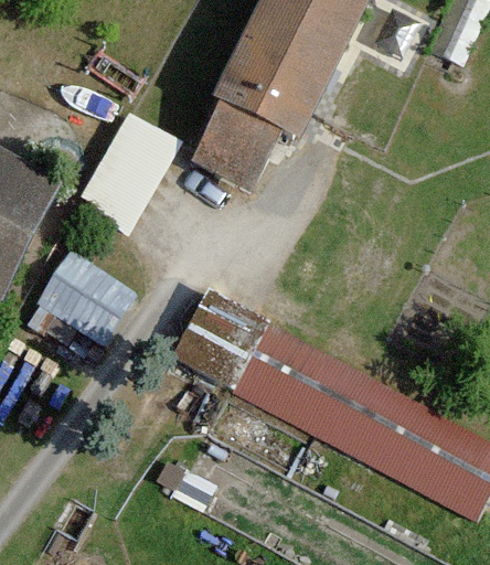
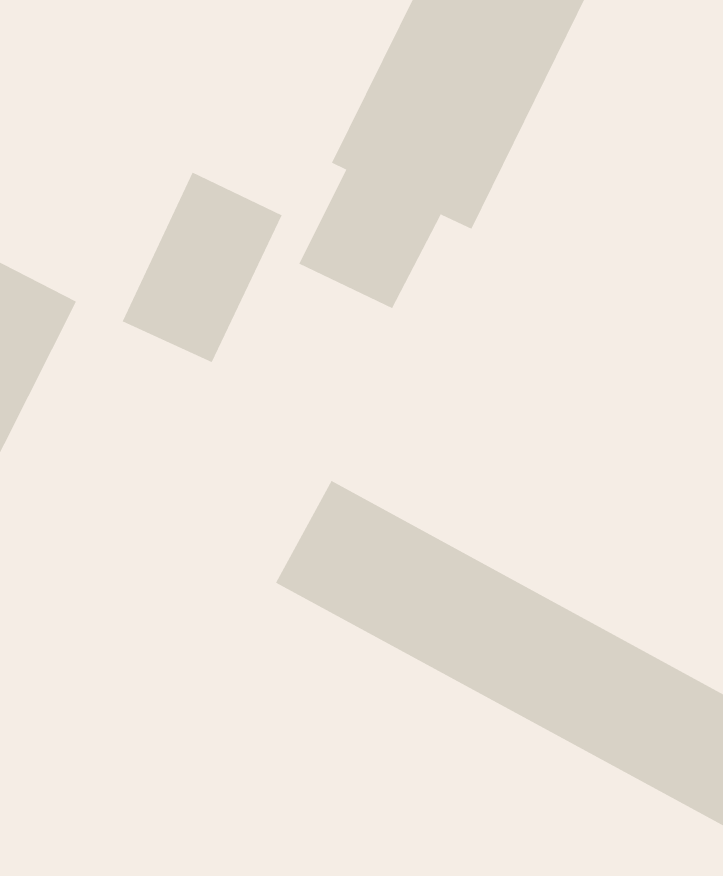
building: [39,244,137,338] -> none

